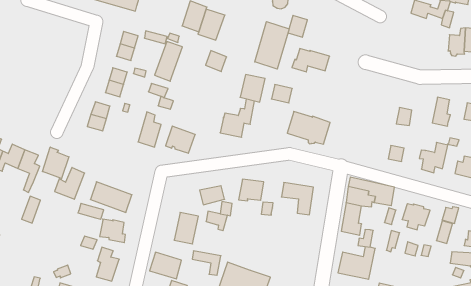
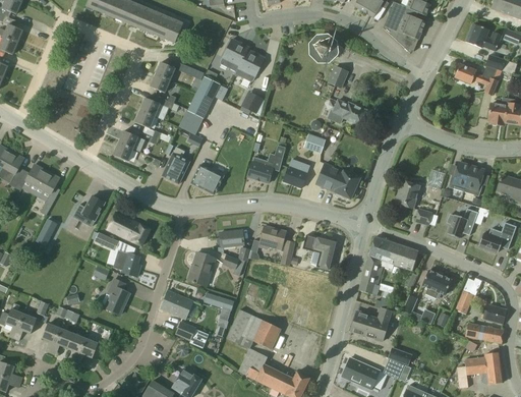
building: [255,22,289,69] -> none
building: [240,75,265,102] -> [283,159,310,188]
building: none -> [449,161,472,190]
building: none -> [396,180,420,208]
building: [42,147,69,179] -> none

